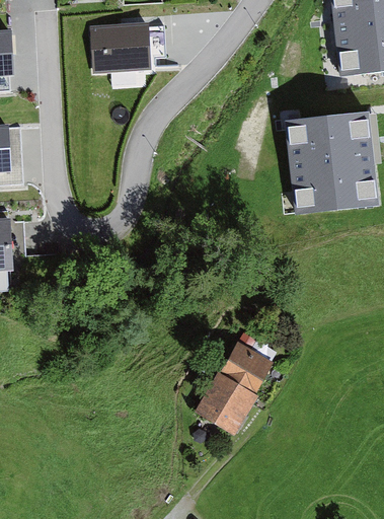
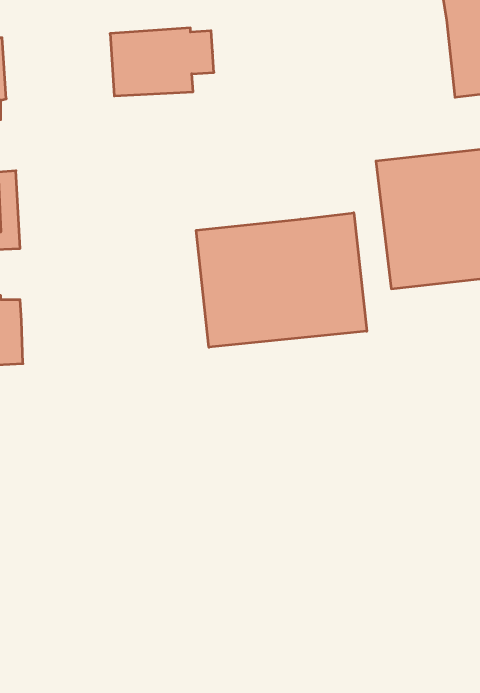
building: none -> [196,213,367,347]
building: [193,331,273,436] -> none

